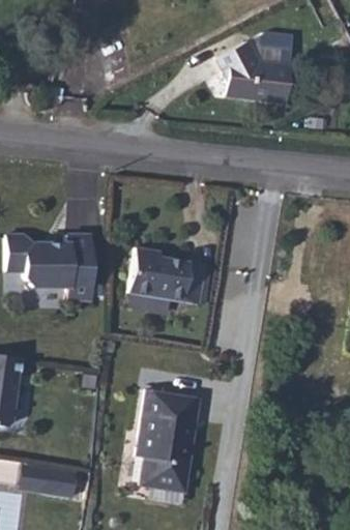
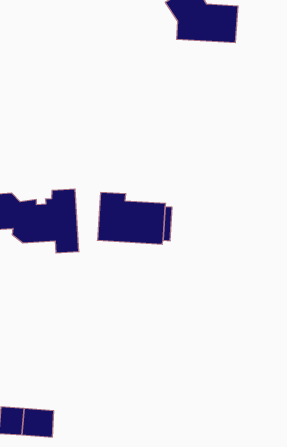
building: [135,388,196,492] -> none

